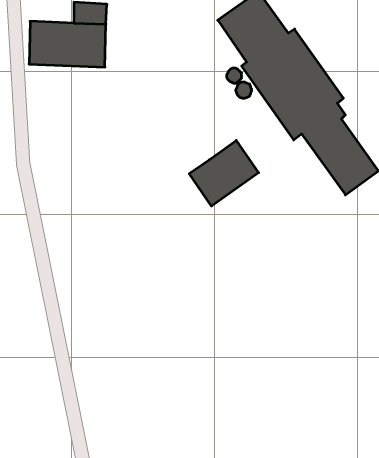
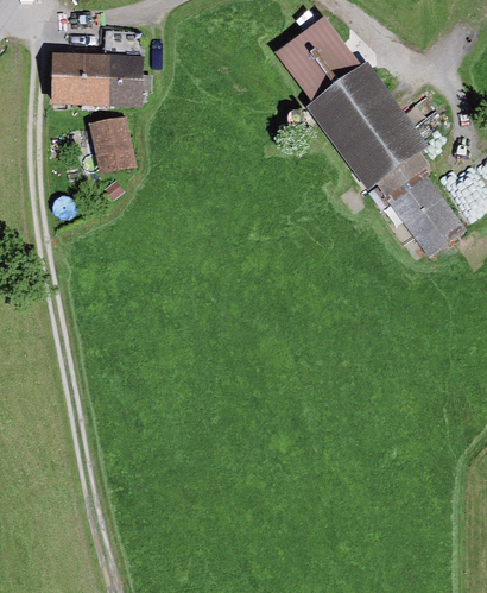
building: none -> [89,114,137,171]
building: [189,140,259,206] -> none

